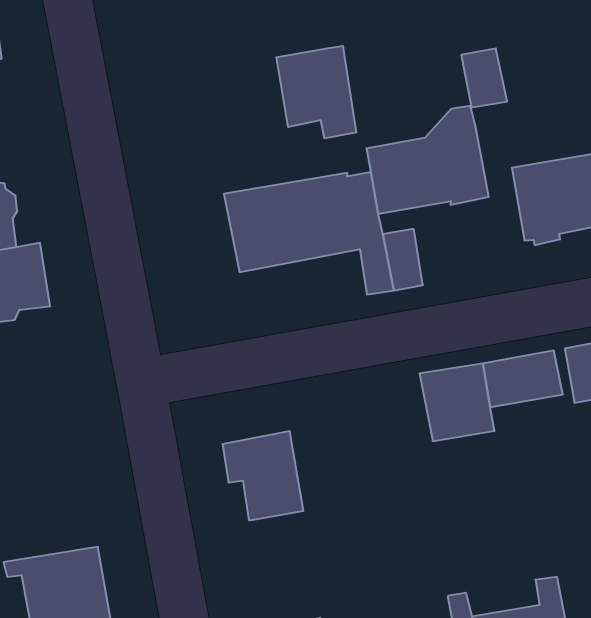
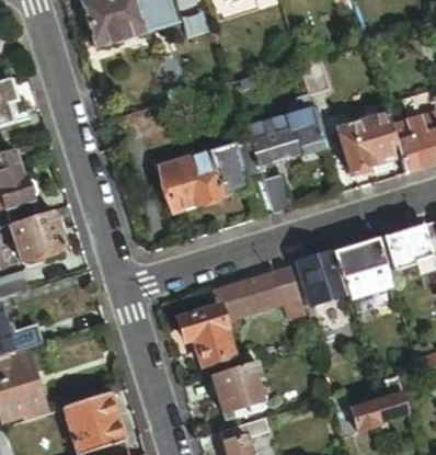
building: [276,46,356,138] -> none
building: none -> [211,264,305,318]
building: none -> [343,264,393,299]
building: none -> [214,362,264,416]

